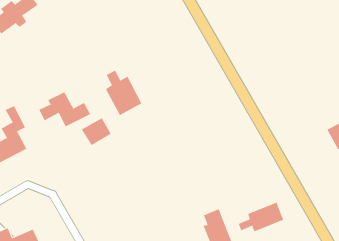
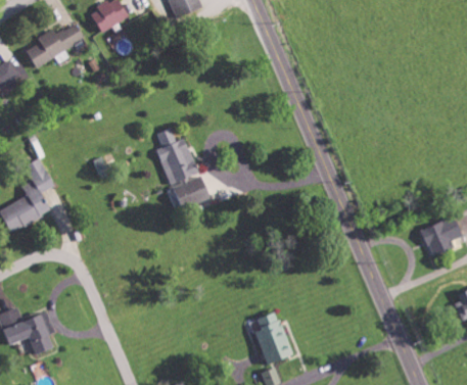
building: [39,91,91,127] -> none
building: [81,117,111,146] -> [173,175,209,208]
building: [238,202,284,232] -> none

